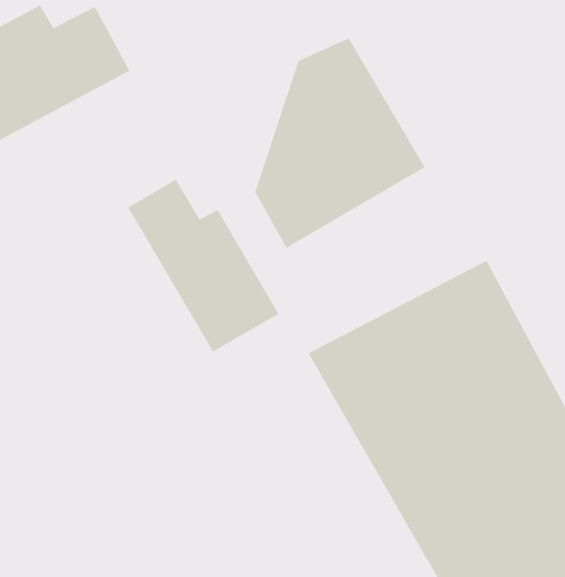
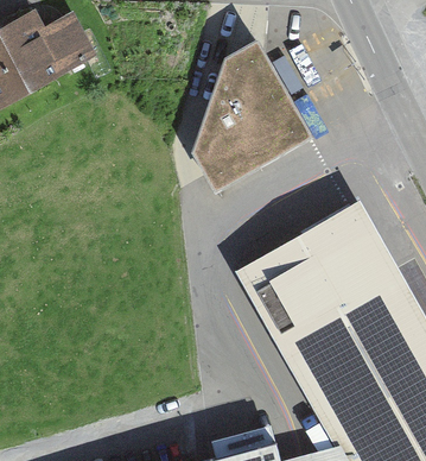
building: [128,179,279,352] -> none

